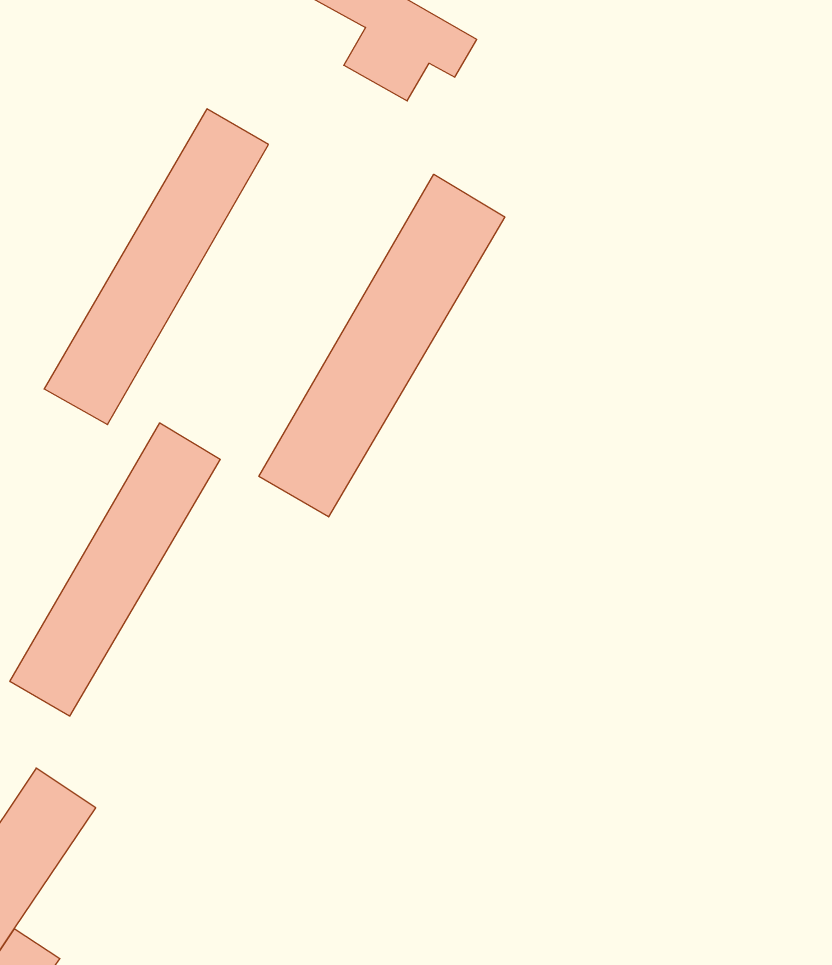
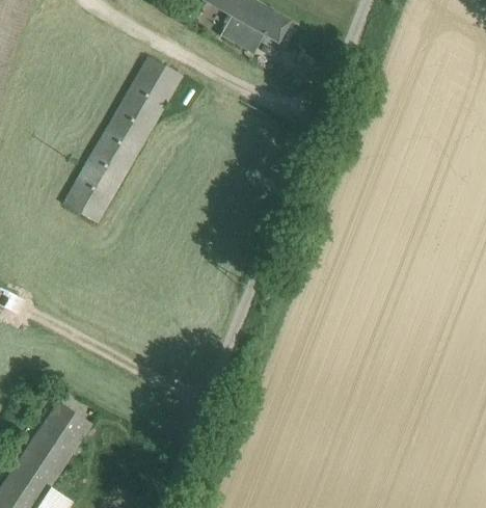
building: [259,174,505,517] -> none
building: [10,423,220,716] -> none

